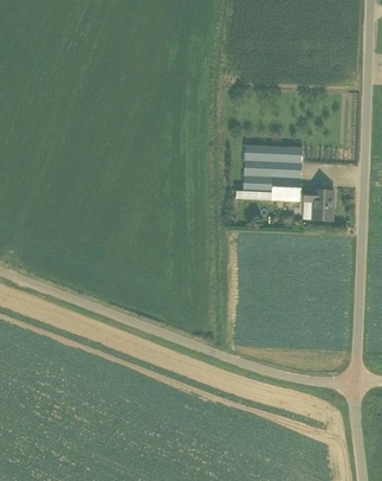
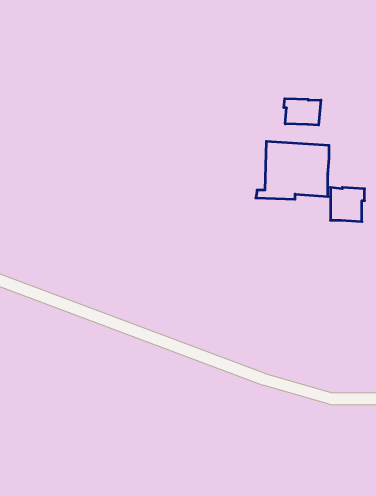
building: none -> [284,99,321,125]

